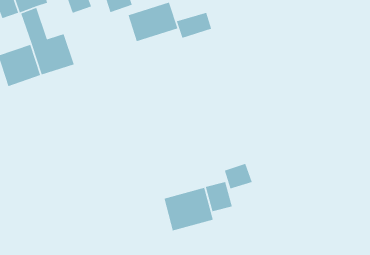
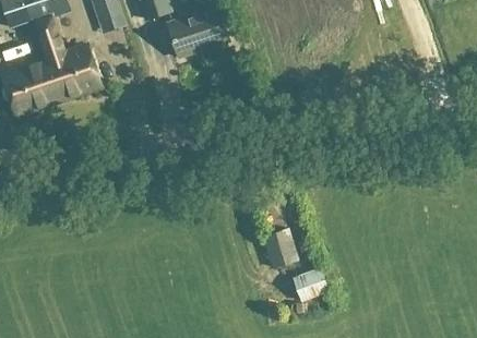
building: [176,12,212,39] -> none
building: [224,163,253,189] -> [291,267,327,300]
building: [163,187,214,232] -> none

